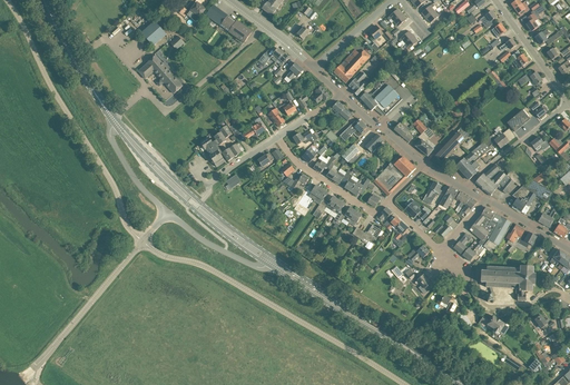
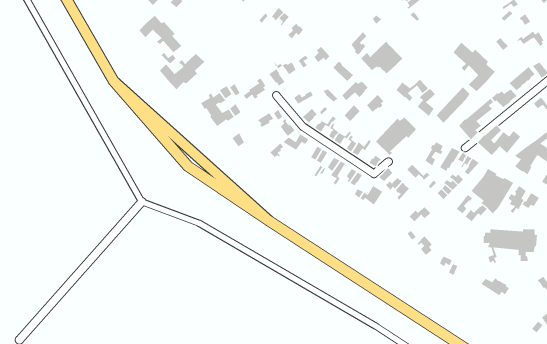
building: [334,49,370,82] -> none
building: none -> [453,42,496,92]
building: none -> [159,53,205,90]

